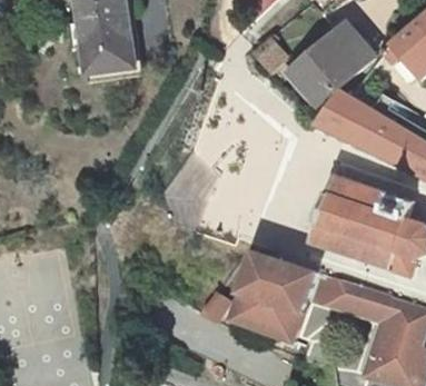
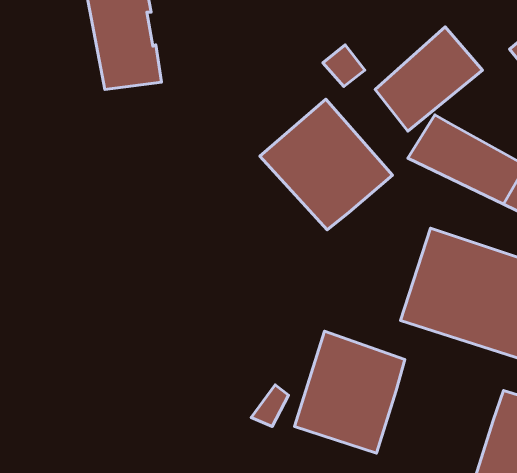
building: none -> [260,99,393,230]
building: [306,273,386,318] -> none

